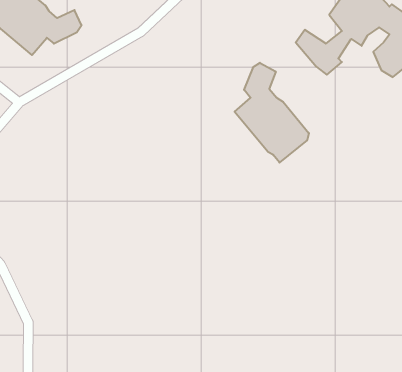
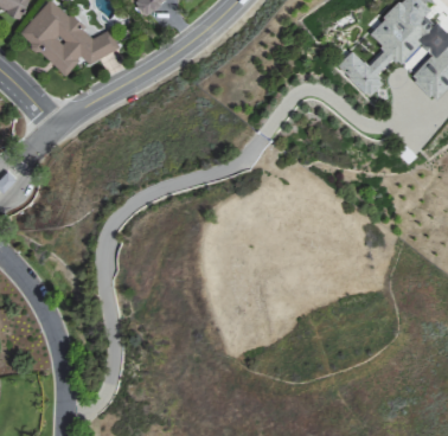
building: [235,63,309,163] -> none

